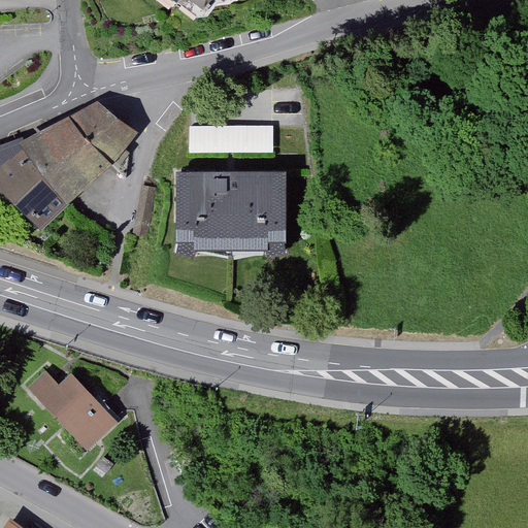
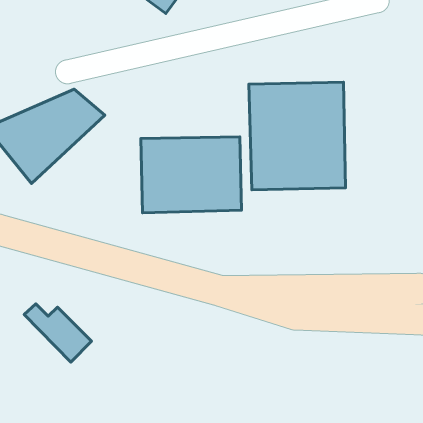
building: none -> [249,82,345,190]
building: [183,121,272,148] -> none

